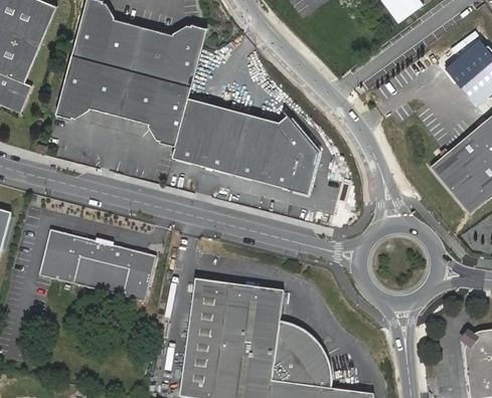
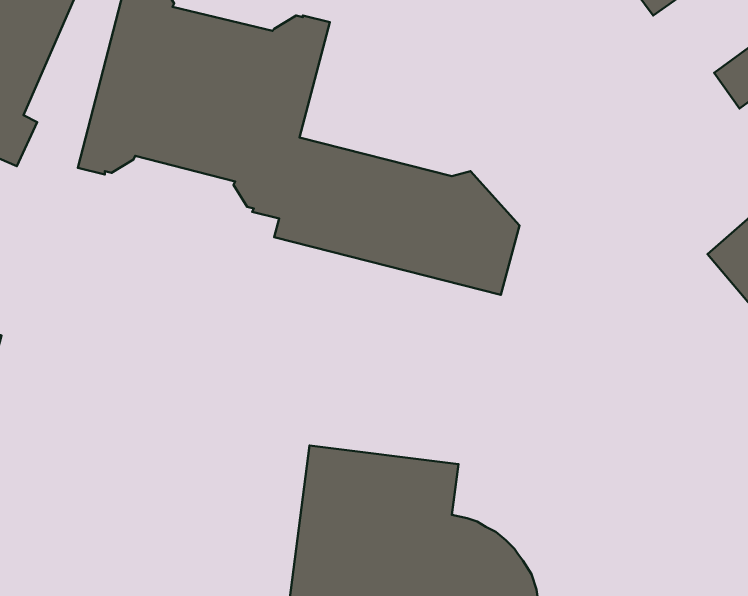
building: [39,231,156,303] -> none

